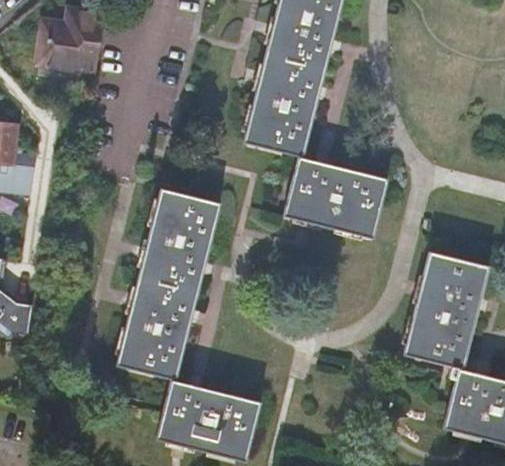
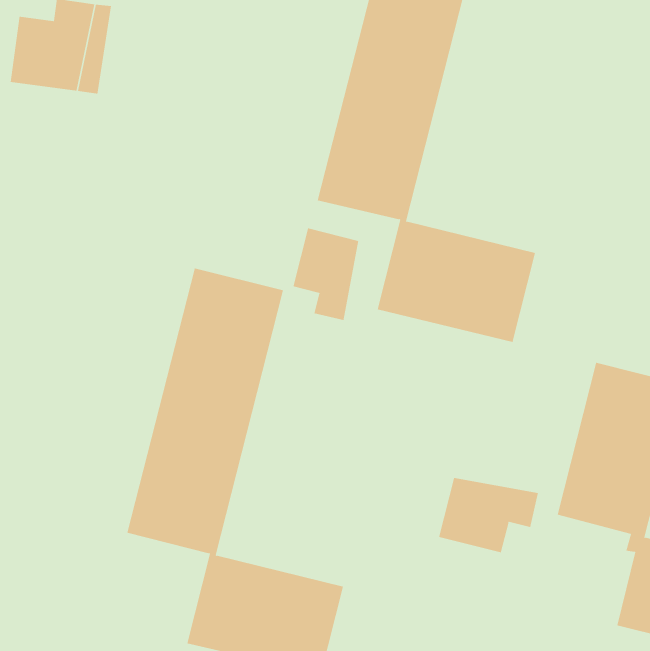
building: none -> [293,227,359,321]
building: none -> [438,477,539,553]

